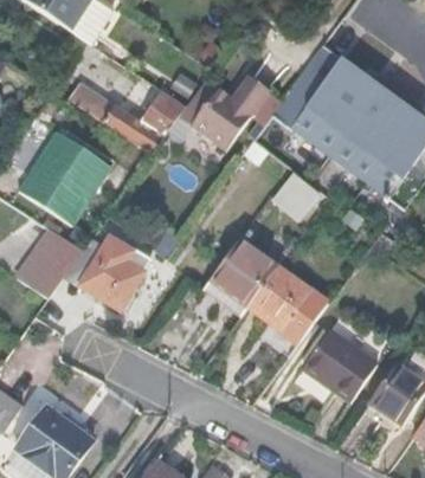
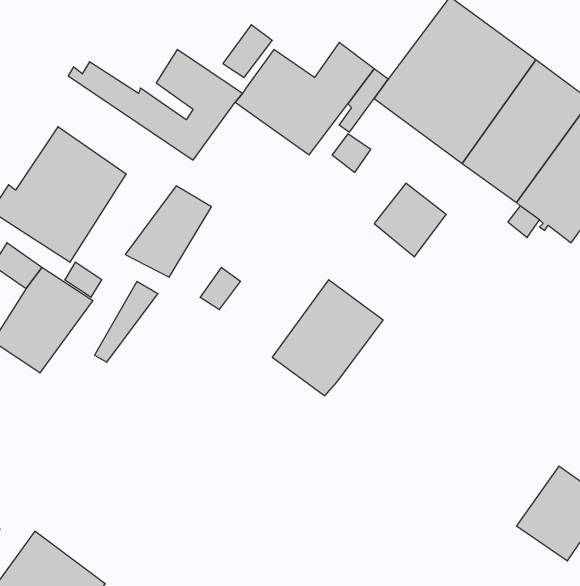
building: [94,245,152,306] -> [125,186,211,277]
building: [249,263,331,342] -> none
building: [310,329,380,396] -> none

